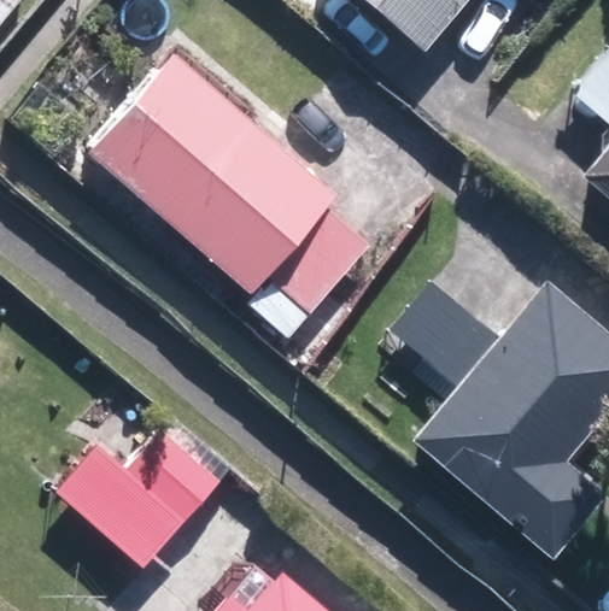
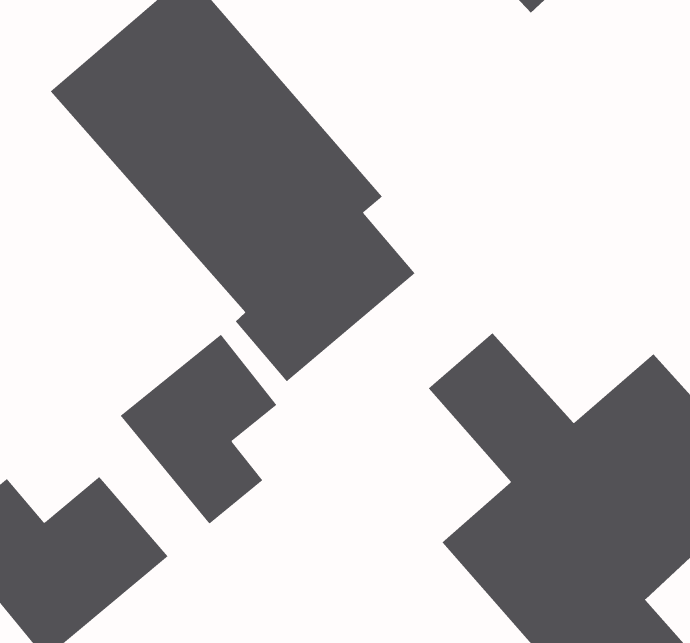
building: none -> [120,334,277,524]

